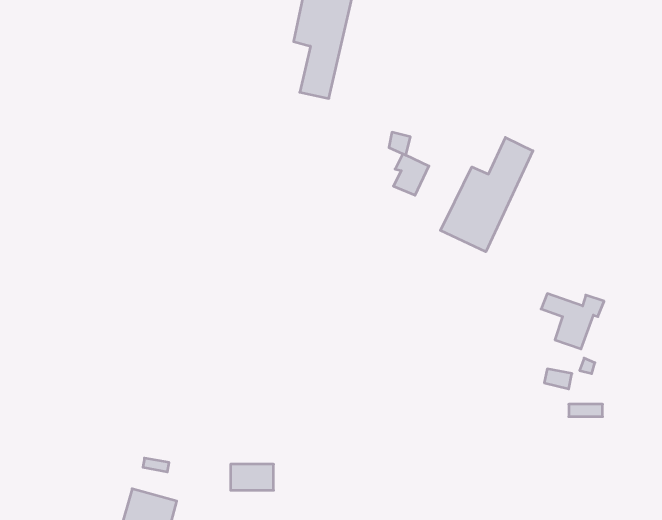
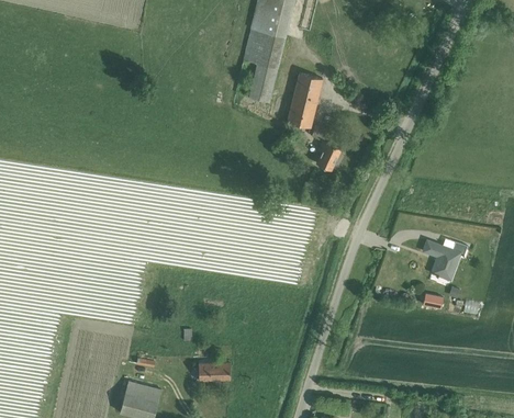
building: none -> [287,74,322,128]
building: [440,137,533,252] -> none

